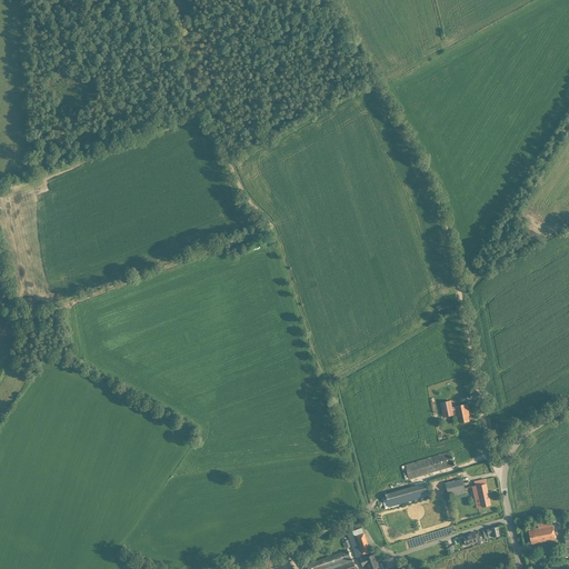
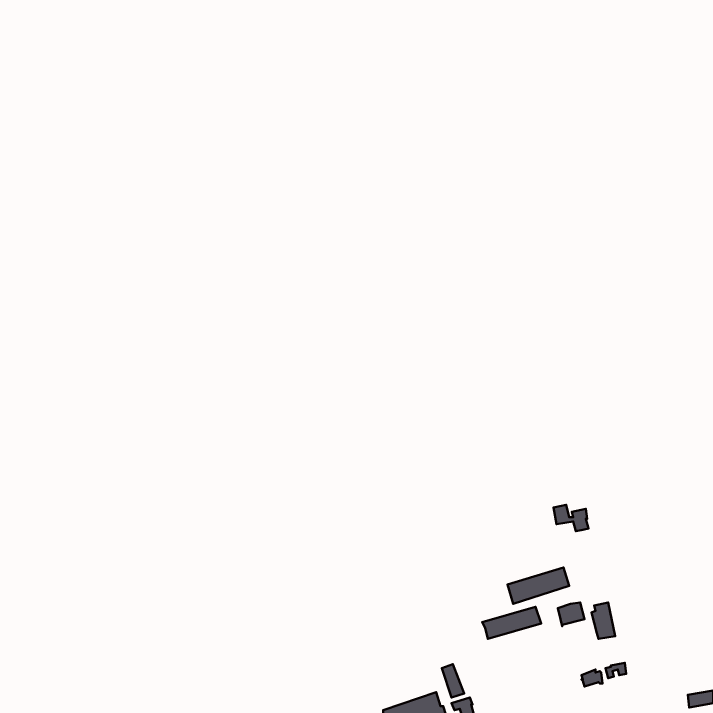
building: [526,521,555,545] -> none

